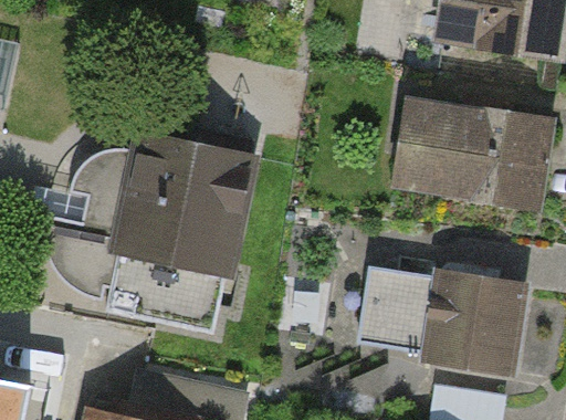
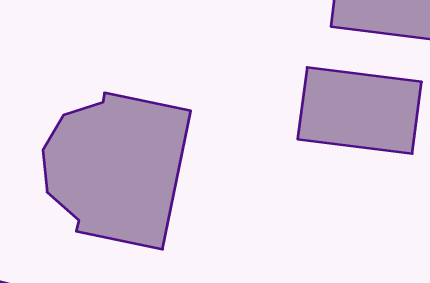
building: [356,261,534,371] -> none

